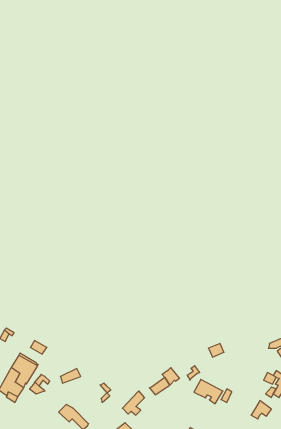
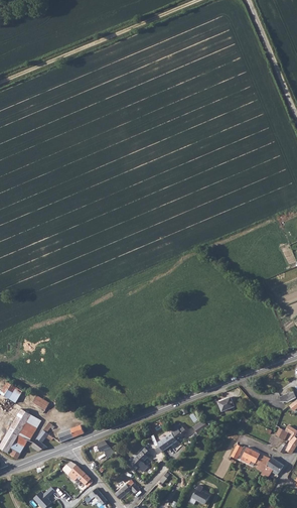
building: [194,379,223,404] -> [240,447,270,472]

